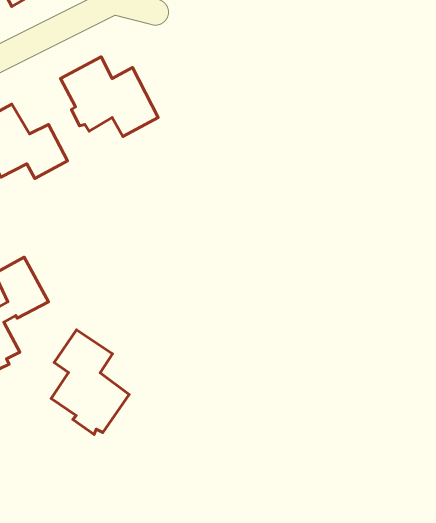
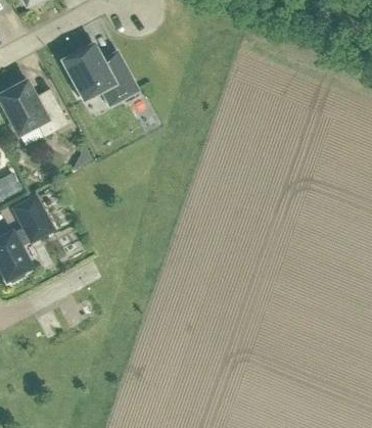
building: [51,330,129,435] -> none

